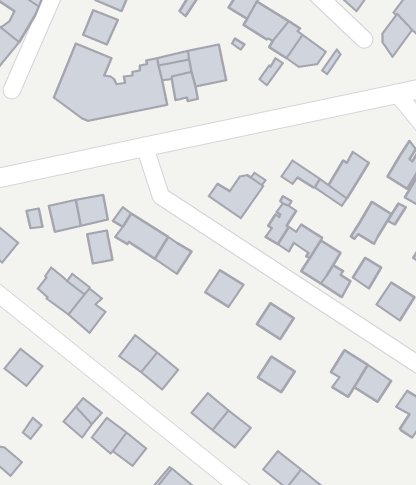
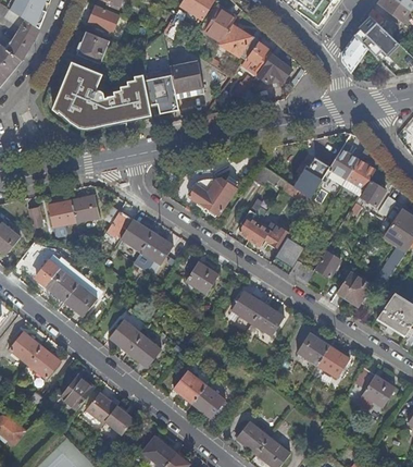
building: [351,202,391,244] -> [322,147,358,184]
building: [87,231,112,263] -> none
building: [258,357,295,392] -> [251,303,284,334]
building: none -> [27,345,60,378]

